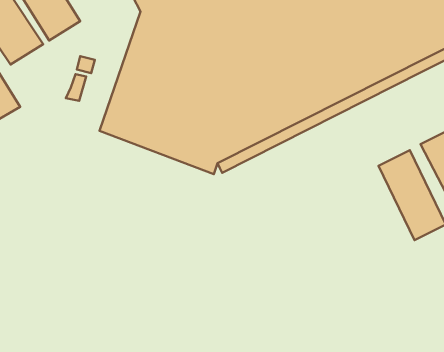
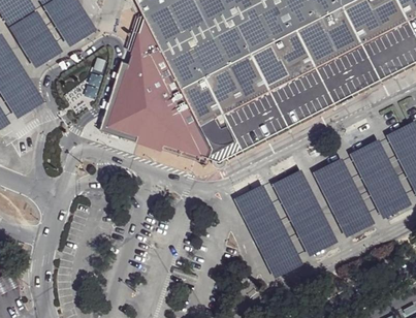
building: none -> [314,159,373,237]
building: none -> [274,171,335,255]
building: none -> [234,186,301,278]

